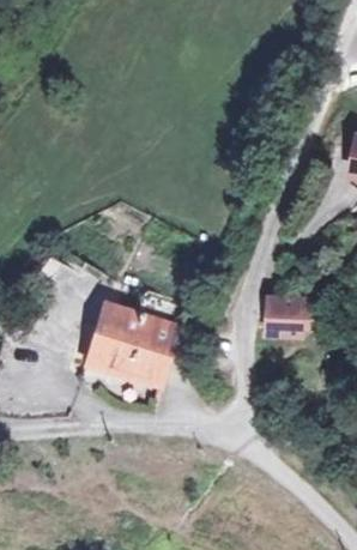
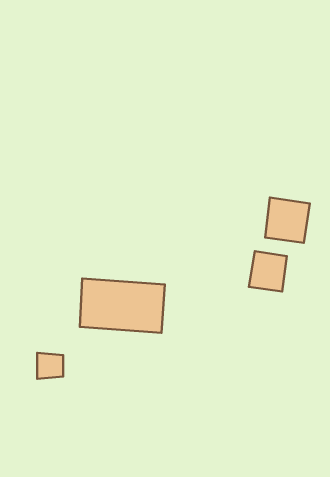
building: none -> [265,198,310,243]

